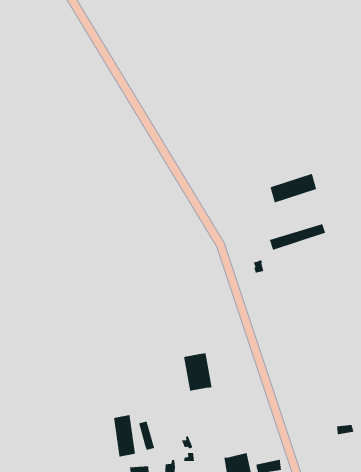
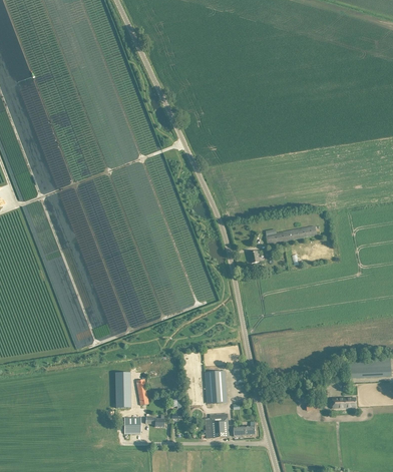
building: [270,173,317,204] -> none
building: [183,353,212,392] -> [205,371,227,403]

